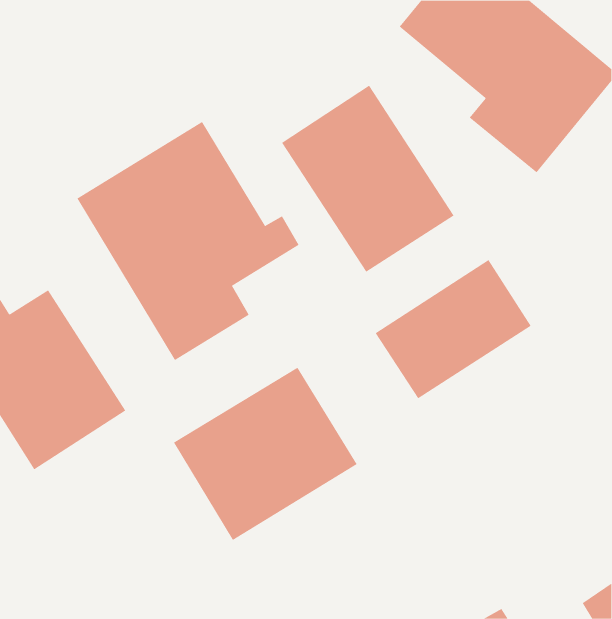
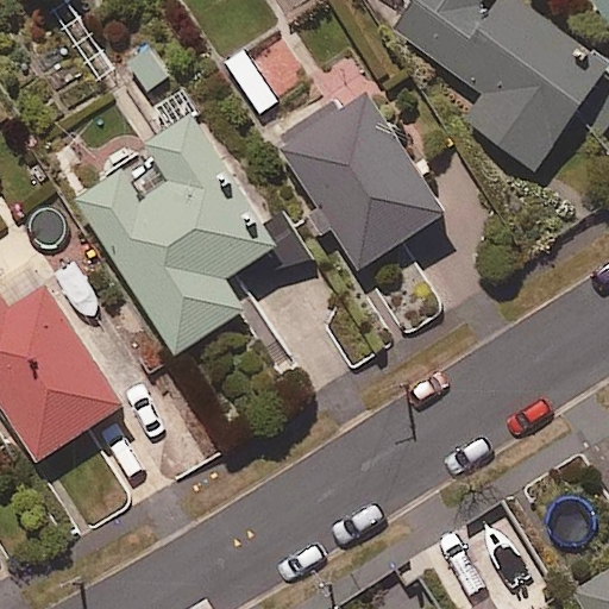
building: [375,259,531,399] -> none
building: [173,367,358,541] -> none

